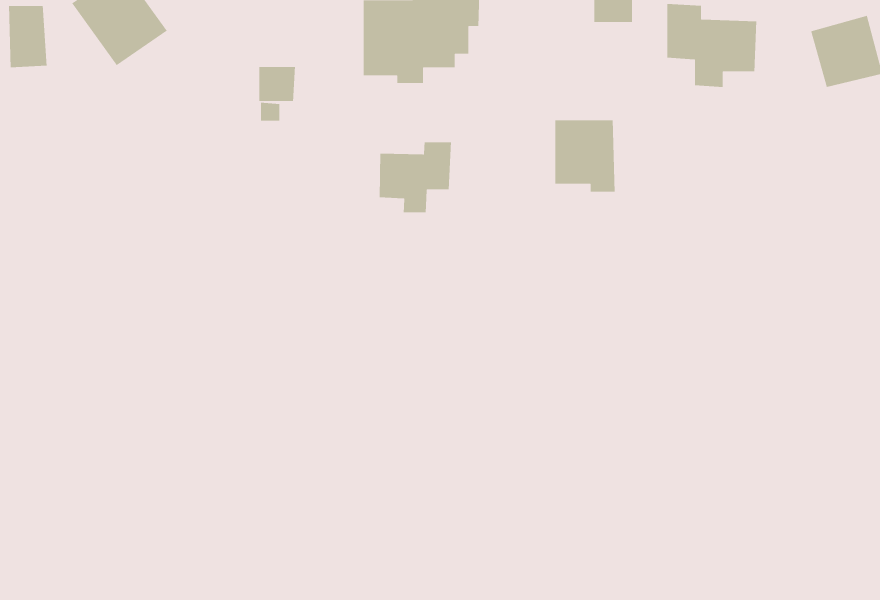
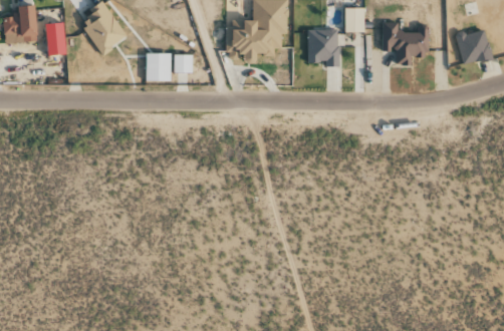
building: none -> [146,52,171,80]
building: [554,120,616,192] -> [307,28,338,65]
building: [379,142,452,213] -> none

